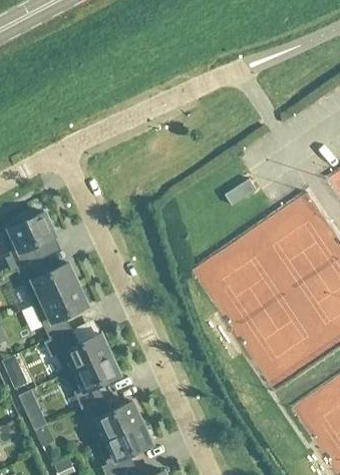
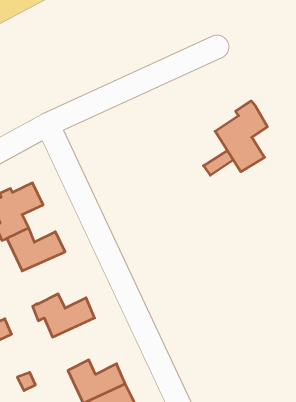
building: none -> [215,101,267,172]
building: [34,286,88,341] -> none
building: [66,355,120,410] -> none

